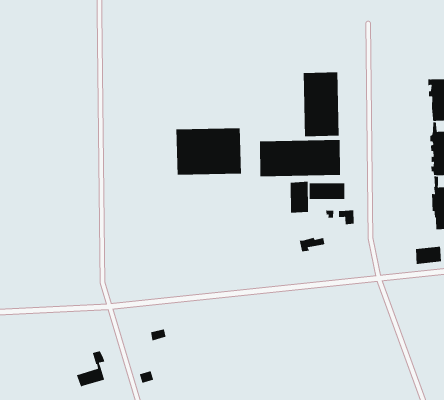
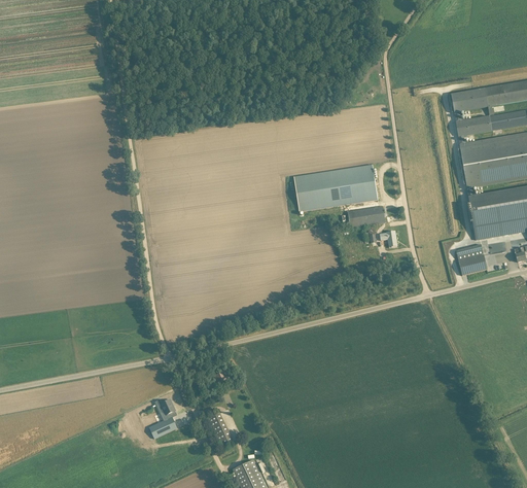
building: [303,72,340,137] -> none
building: [176,127,242,176] -> none
building: [290,181,309,213] -> none

